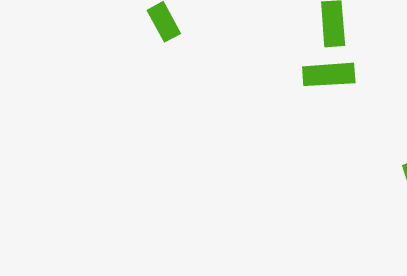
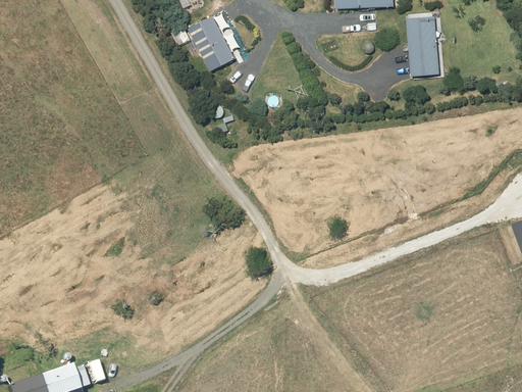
building: [301,62,356,87] -> none

